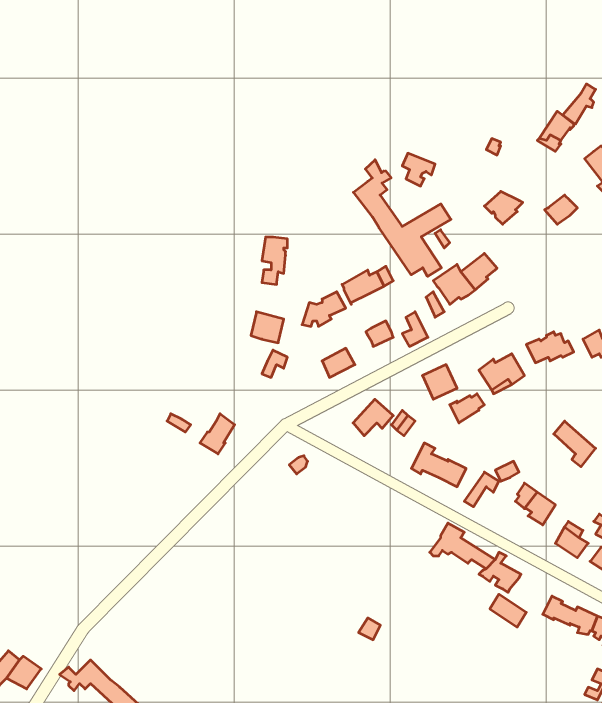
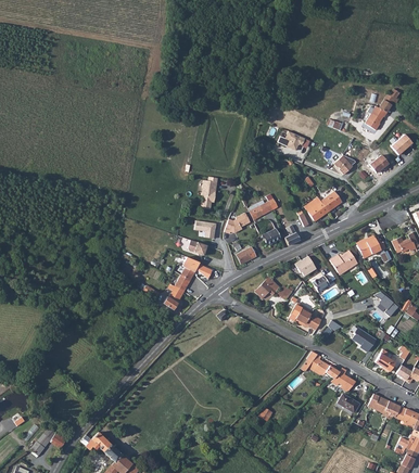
building: [353,160,451,276] -> none
building: none -> [175,260,212,292]

